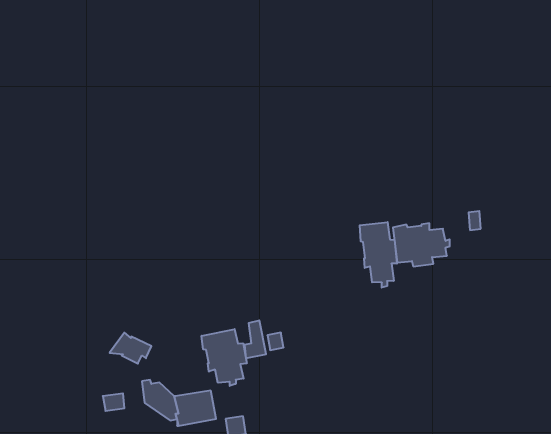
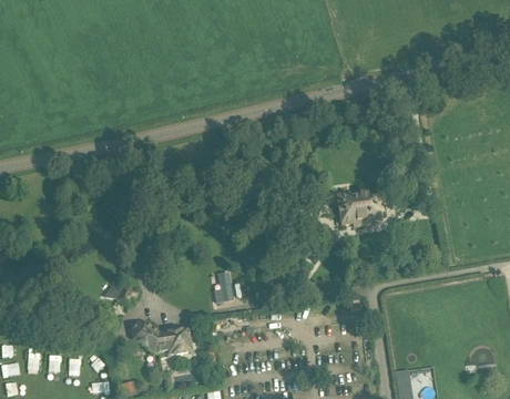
building: [360,222,397,288] -> none
building: [202,329,247,386] -> none

